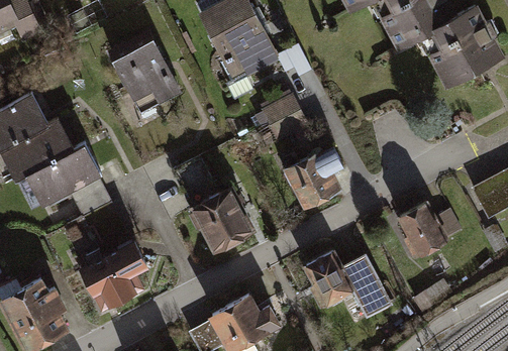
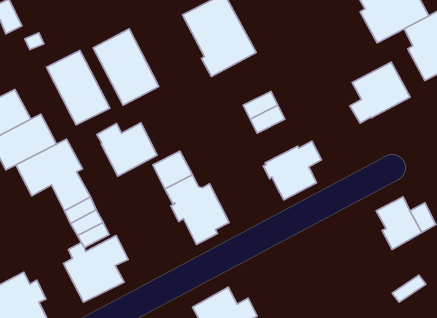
building: none -> [46,51,110,125]
building: none -> [350,62,410,123]
building: none -> [97,123,157,176]
building: [306,252,391,314] -> none

